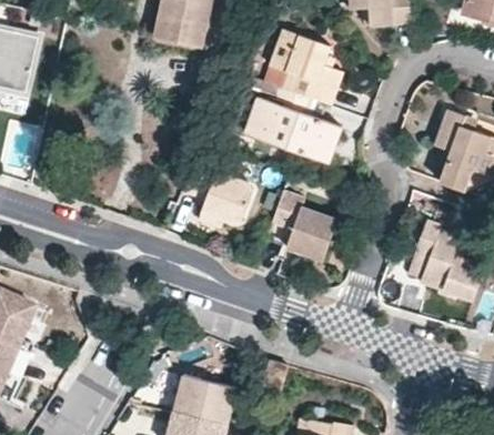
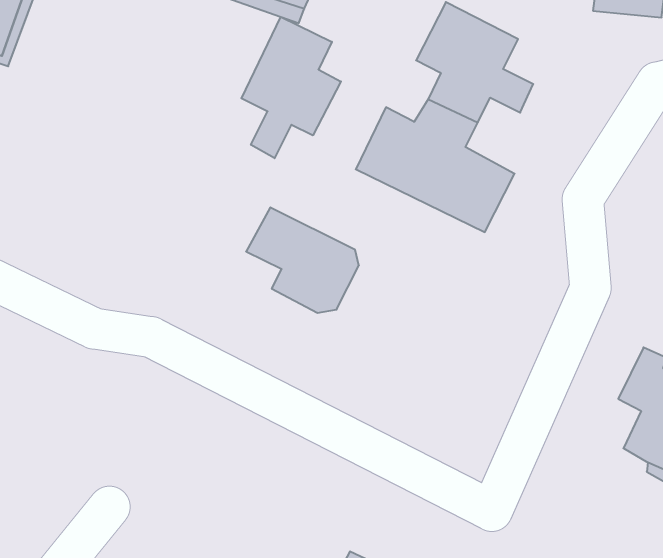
building: none -> [241,17,341,158]
building: [272,191,335,260] -> none

